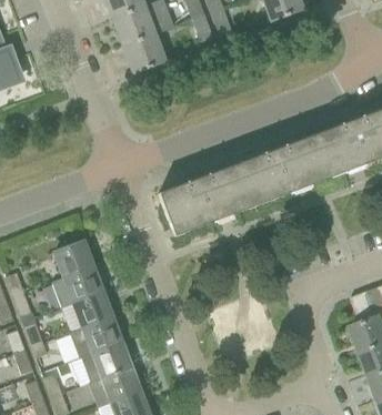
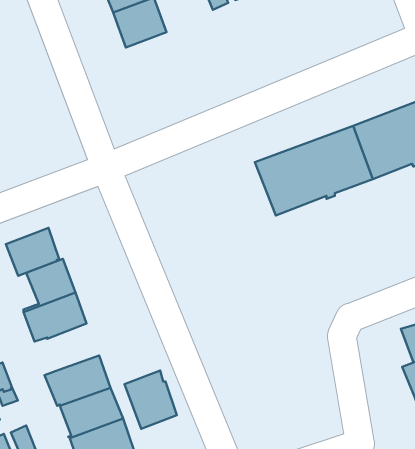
building: [159,164,252,235] -> none
building: none -> [6,228,59,276]
building: [71,292,112,328] -> none
building: none -> [125,370,177,429]

